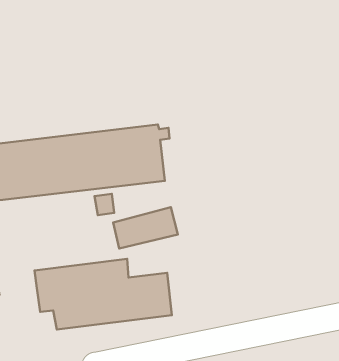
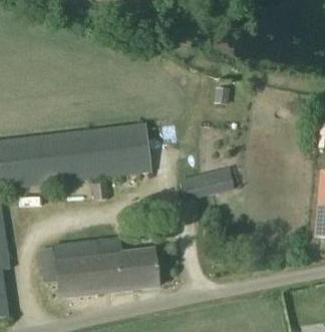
building: [113,207,178,248] -> [179,165,234,201]

